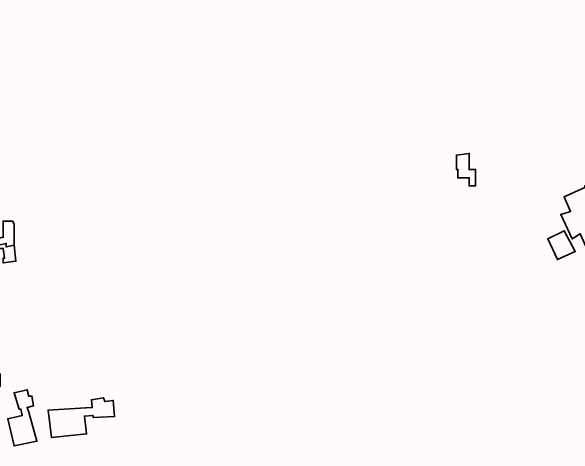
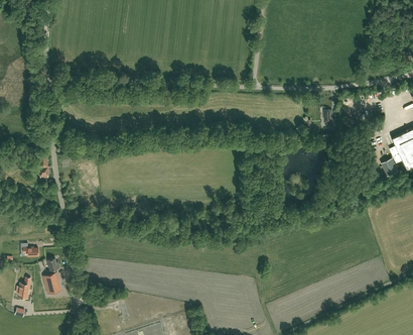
building: [48,398,114,438] -> none

